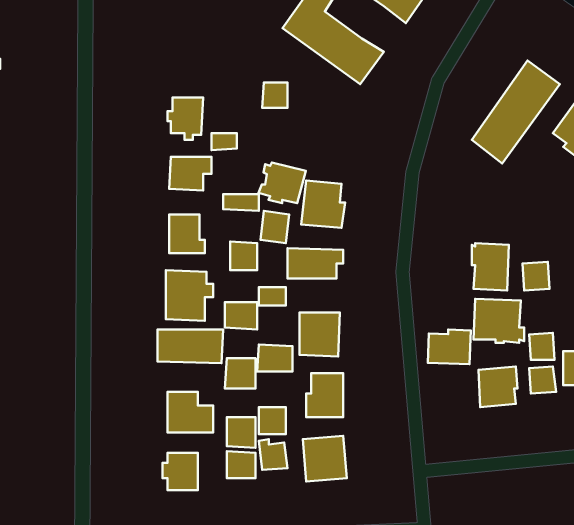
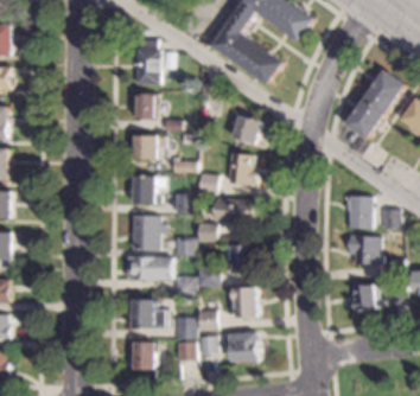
building: none -> [133,38,158,84]
building: [258,162,306,203] -> [229,115,262,143]
building: [428,330,471,364] -> none

